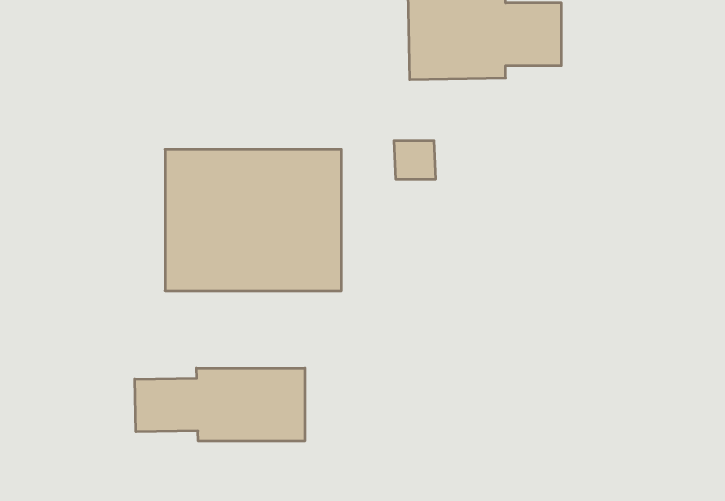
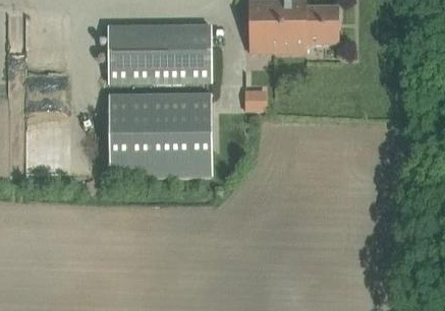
building: none -> [106,30,210,86]
building: [135,368,305,441] -> none

